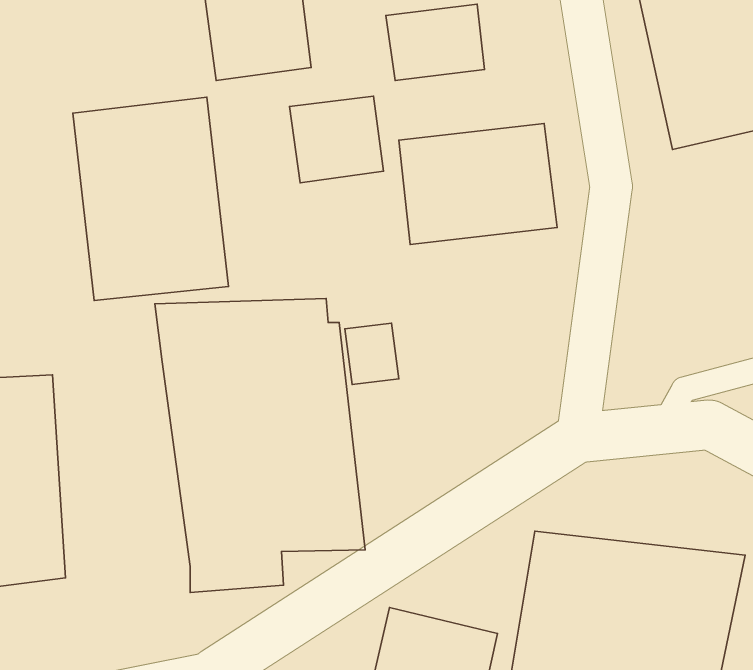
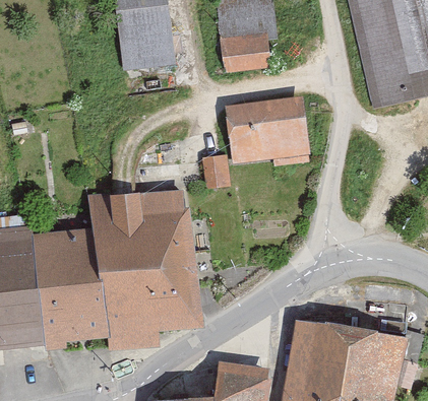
building: [290,96,384,183] -> none
building: [73,97,229,301] -> none
building: [345,323,399,385] -> [198,155,228,189]
building: none -> [34,226,109,352]

